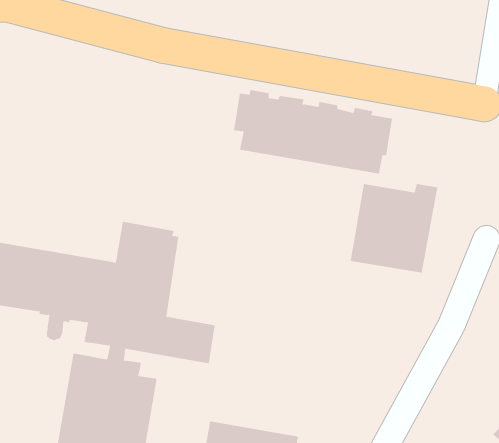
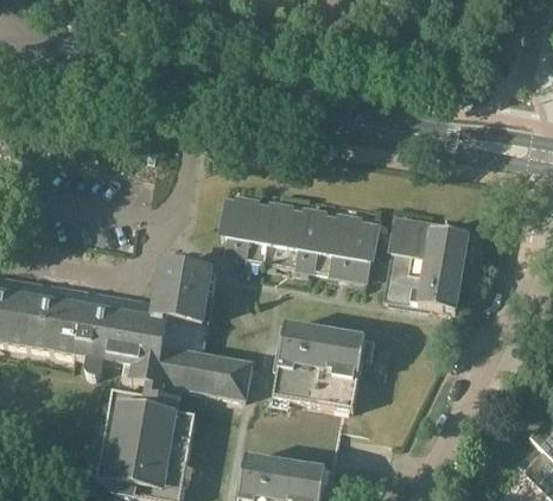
building: [233,89,393,174] -> [221,196,377,279]
building: none -> [274,324,374,410]

